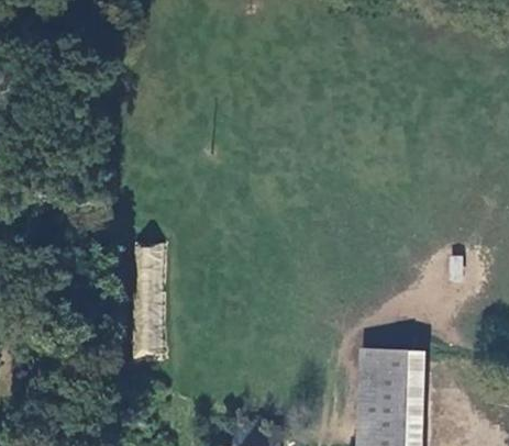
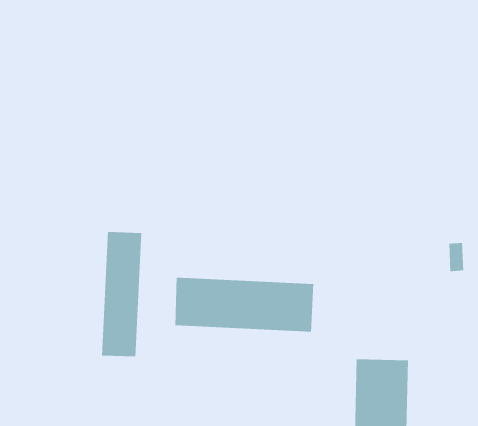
building: none -> [174,277,314,332]

